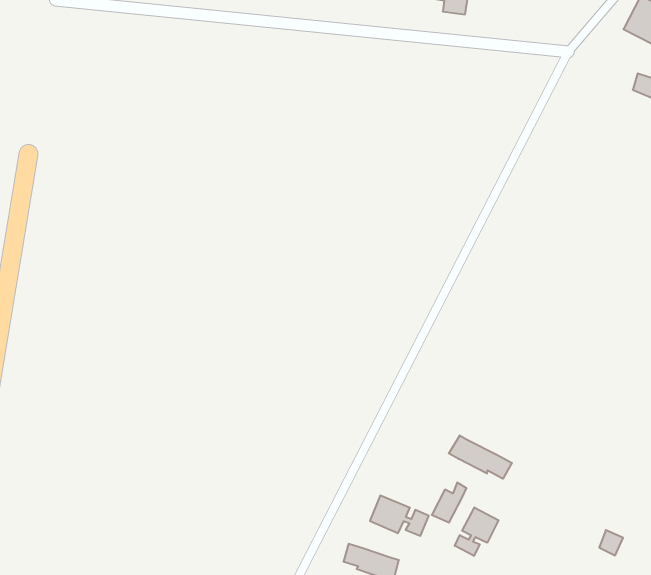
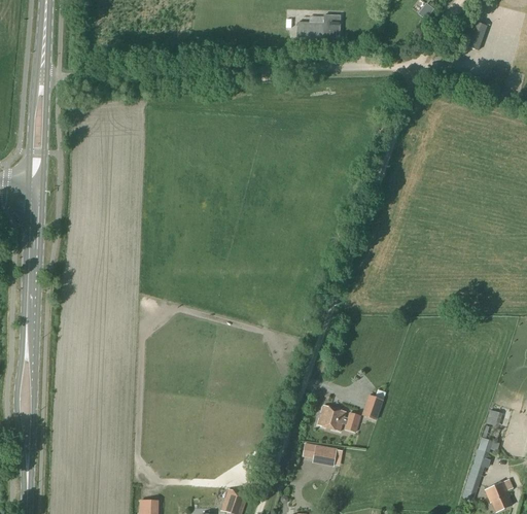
building: [449,435,512,479] -> none
building: [455,507,498,556] -> none

